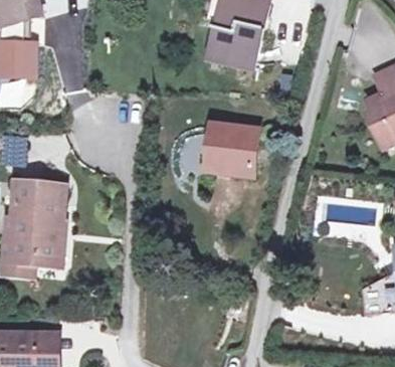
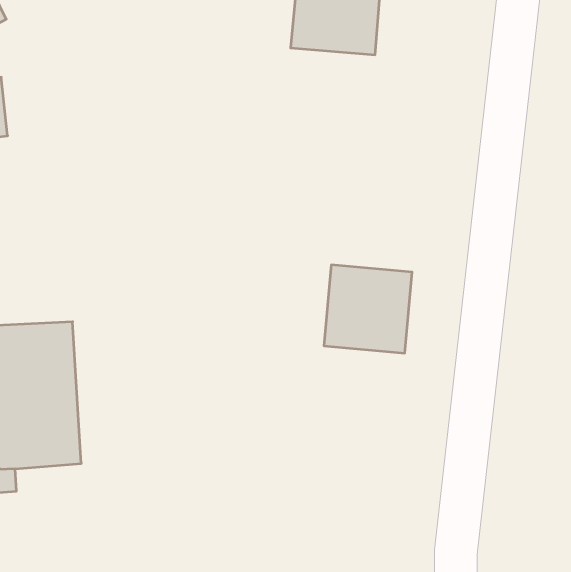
building: [201,120,254,173] -> [324,265,412,353]

